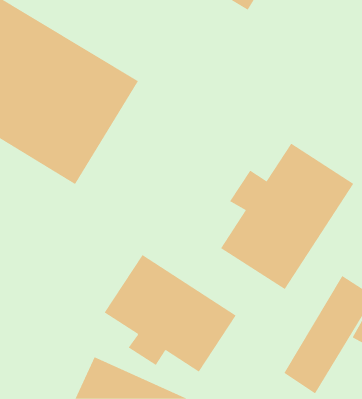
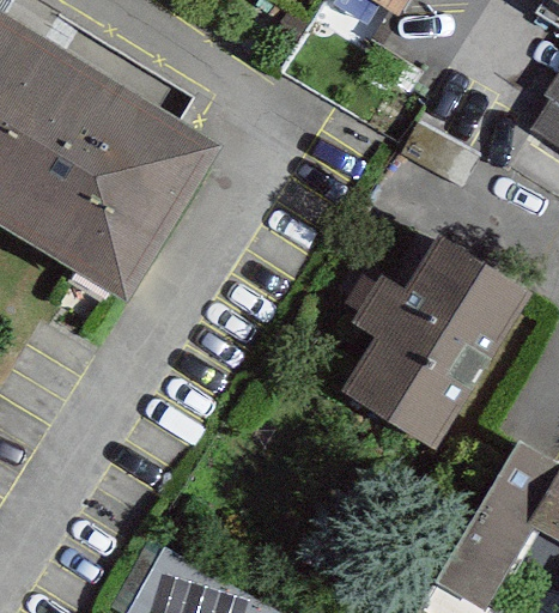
building: [104,254,236,373] -> none

